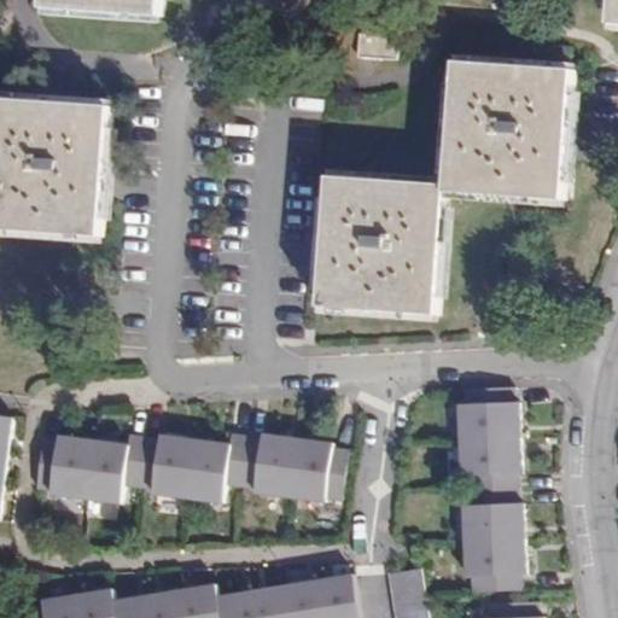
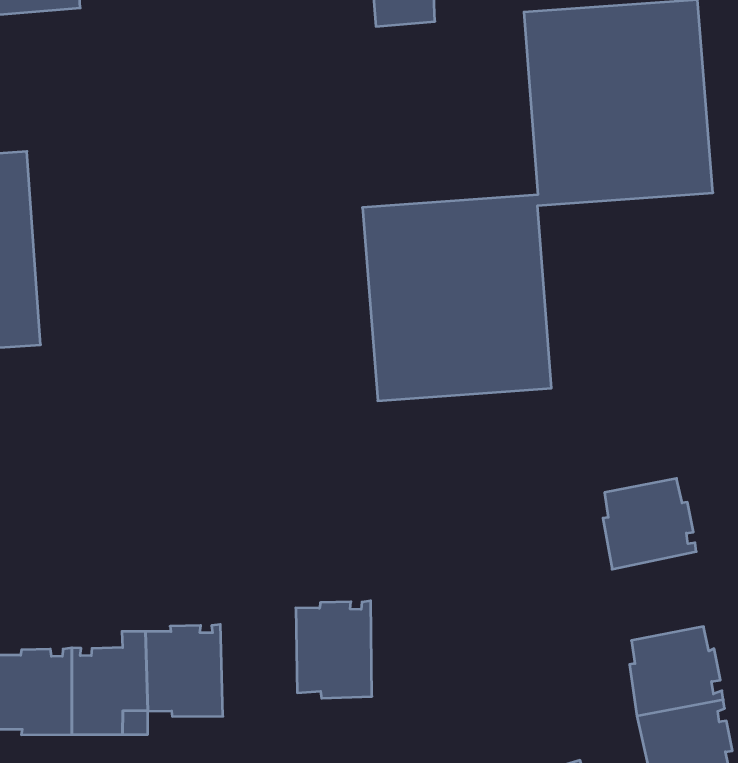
building: [185,433,244,505] -> none
building: [459,437,518,490] -> none
building: [286,438,344,507] -> none

